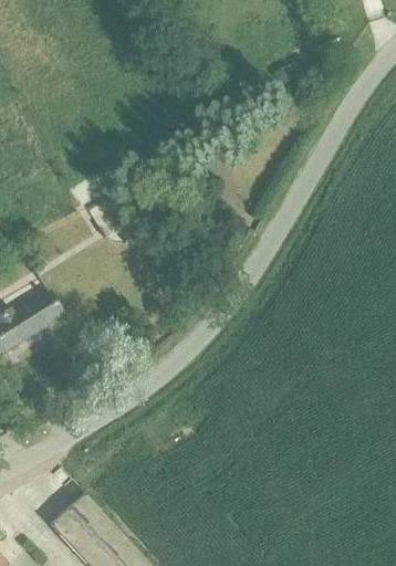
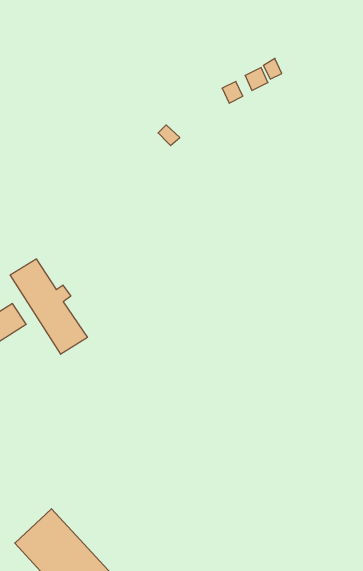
building: none -> [10,259,87,354]

